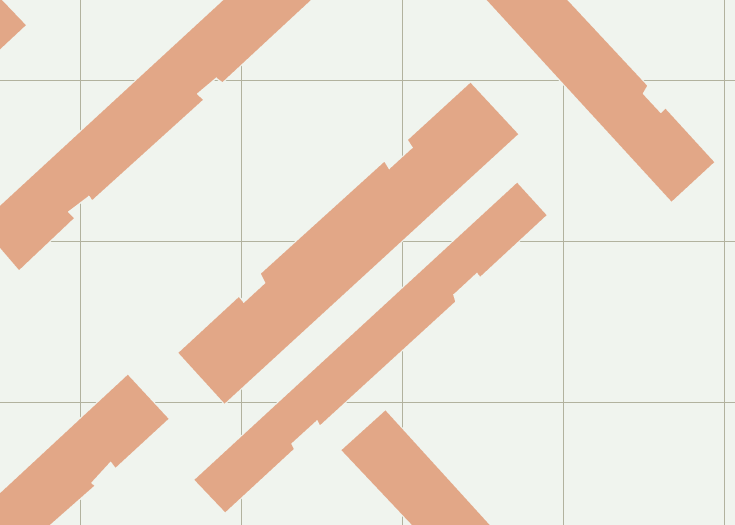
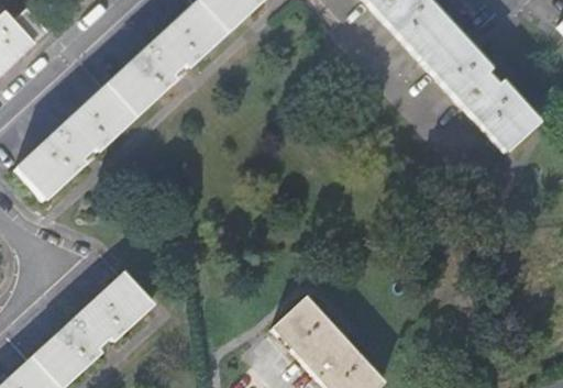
building: [177,82,519,405] -> none
building: [193,182,547,513] -> none

